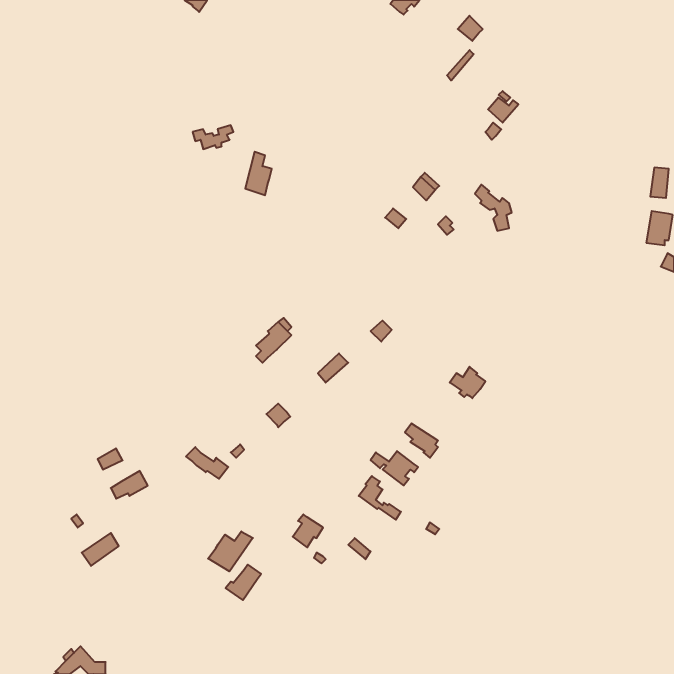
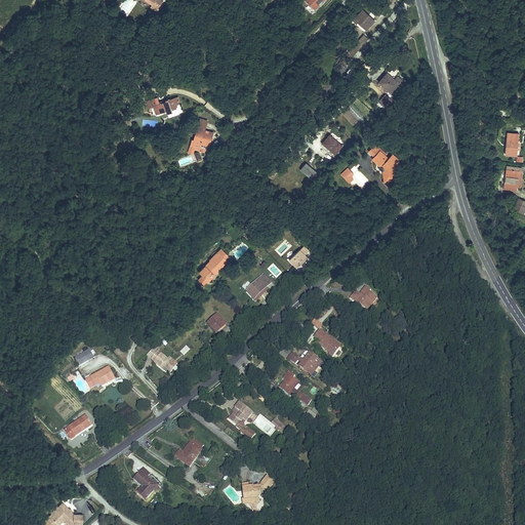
building: [208,531,253,571] -> none
building: none -> [134,469,159,499]
building: none -> [242,474,275,506]

